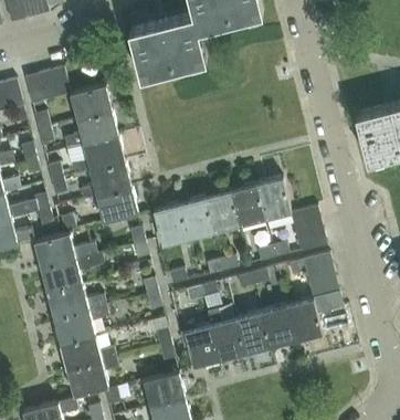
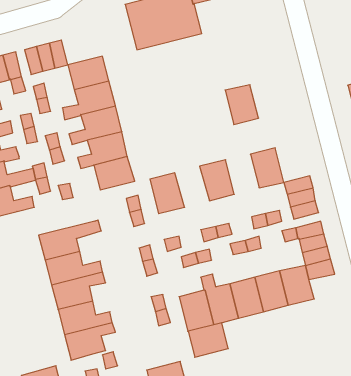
building: [231,186,265,227] -> [225,85,259,125]
building: [179,198,214,240] -> none
building: [33,233,97,269] -> none
building: [144,371,185,407] -> [188,323,228,357]

